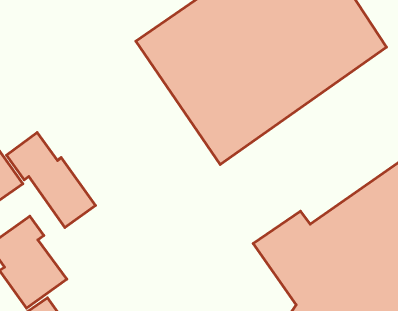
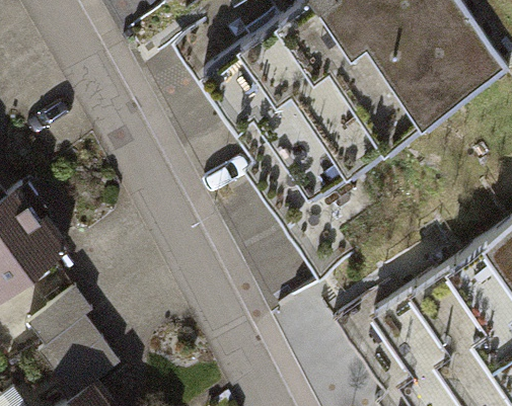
building: [7,132,96,227] -> none

